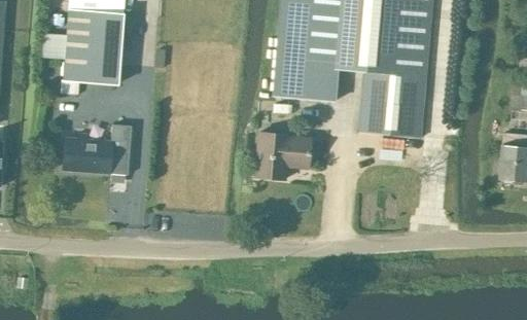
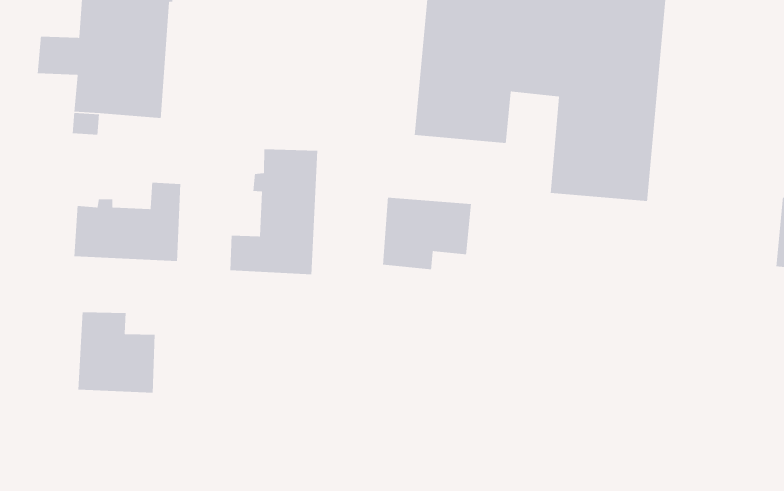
building: none -> [229,149,318,275]
building: none -> [78,311,155,394]

